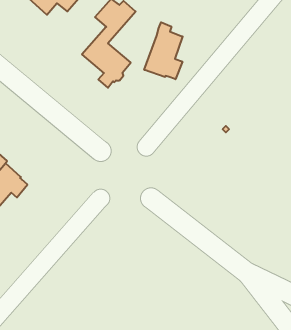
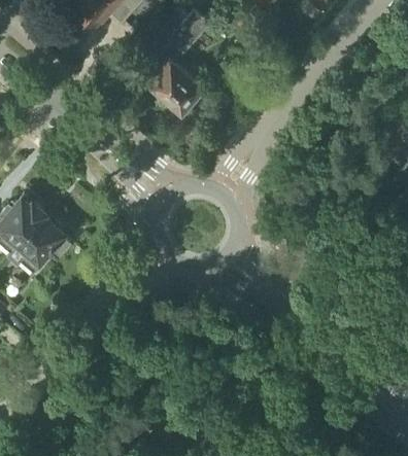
building: [144,22,183,79] -> none

